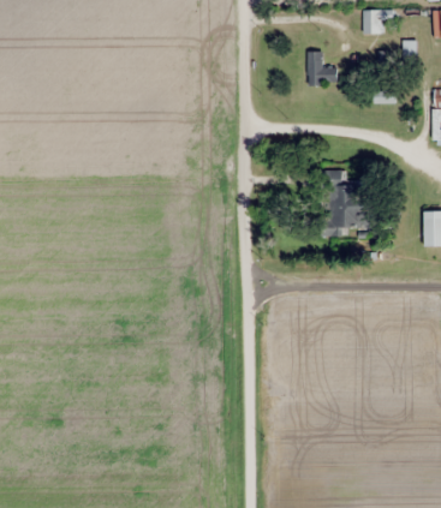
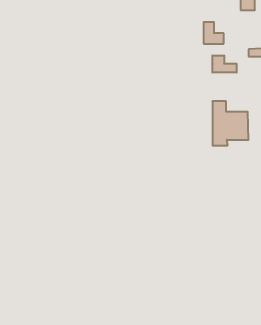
building: none -> [212,55,237,73]

